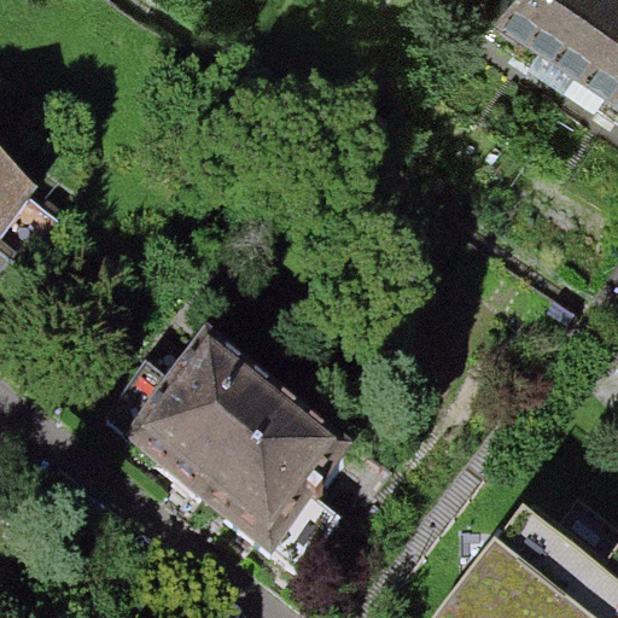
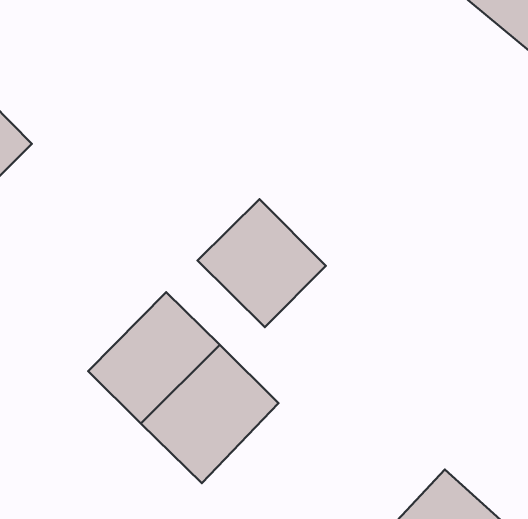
building: none -> [197,199,326,327]

